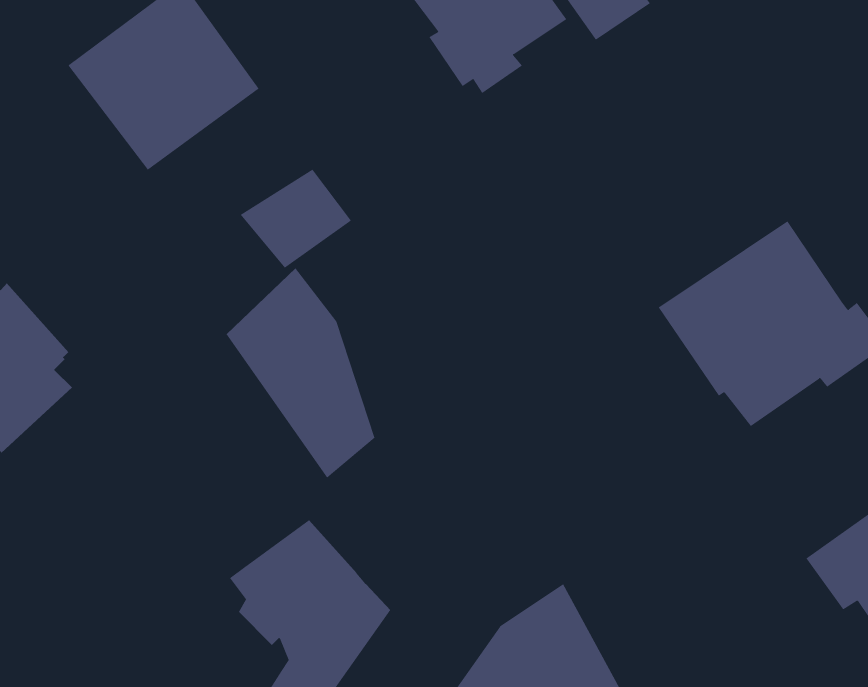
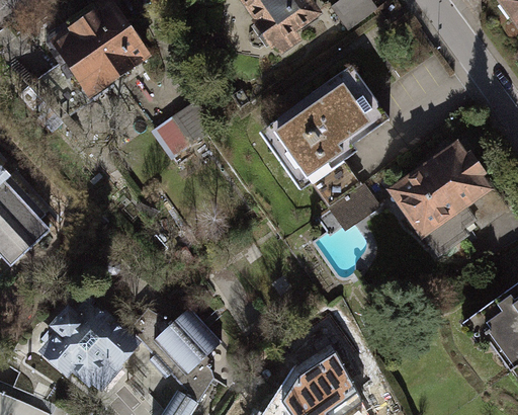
building: none -> [255,62,386,230]
building: [226,268,375,478] -> none
building: none -> [47,303,131,389]

